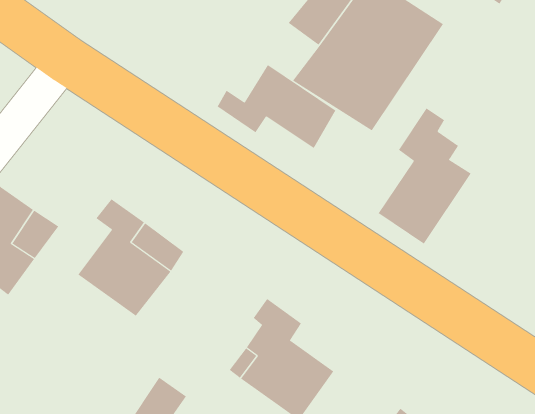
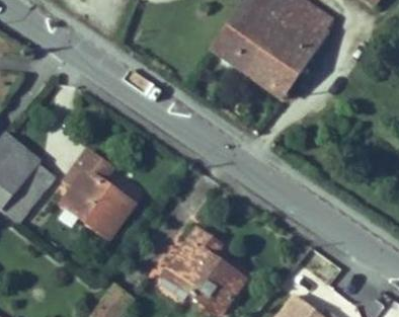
building: [217,64,336,149] -> none
building: [378,108,472,244] -> none

